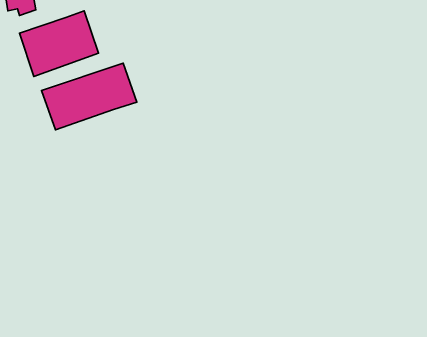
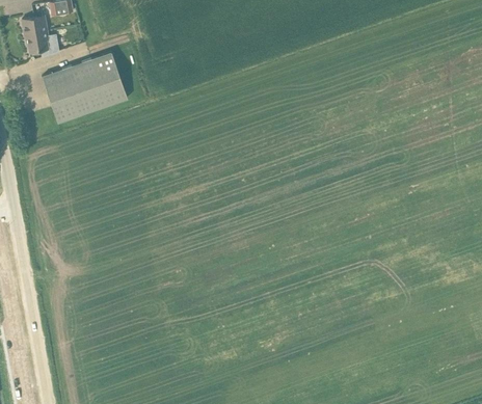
building: [41,63,137,130] -> none

